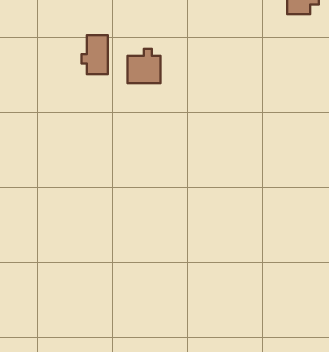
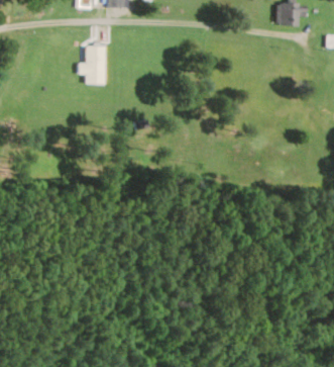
building: [128,49,161,83] -> none

